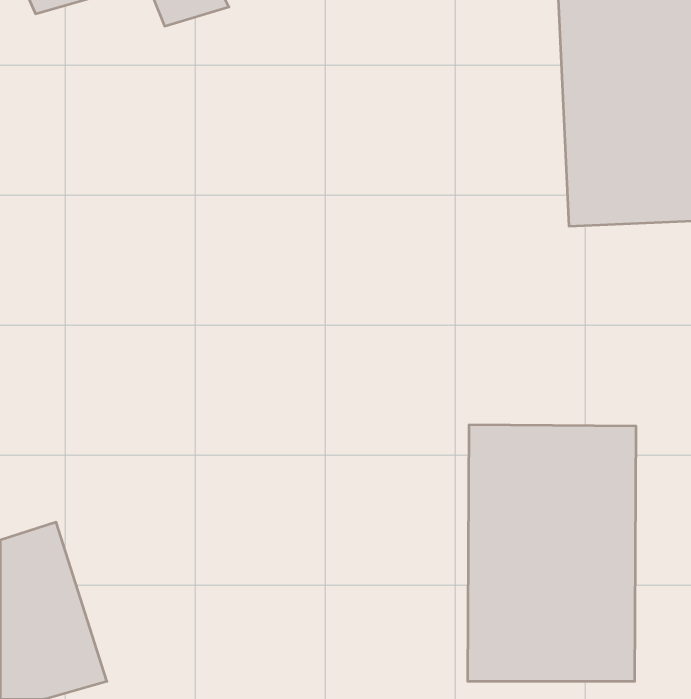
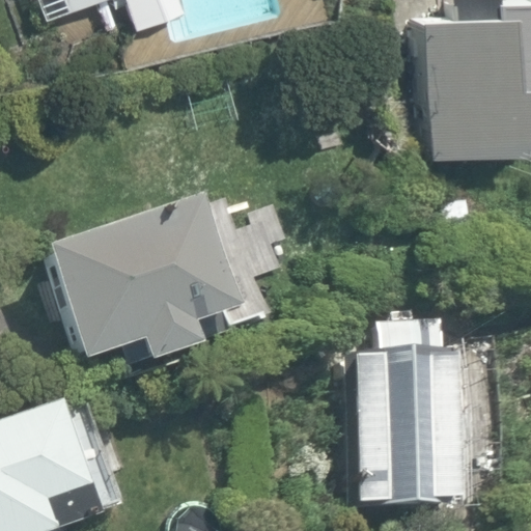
building: none -> [24,196,221,363]

